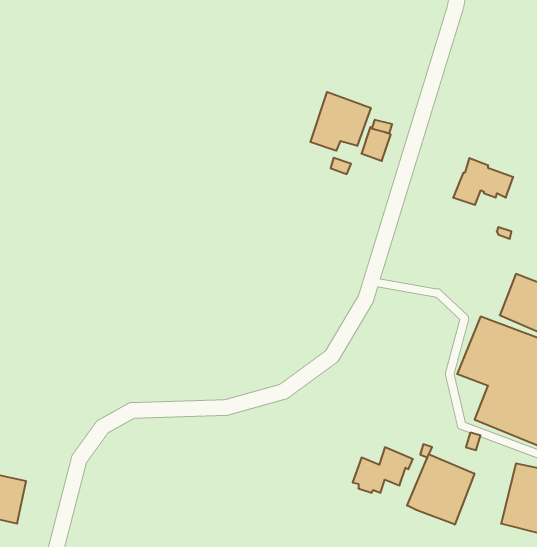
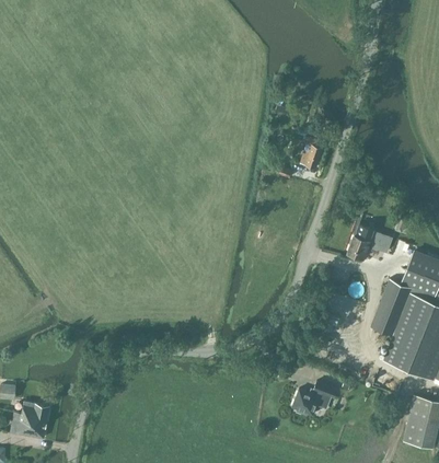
building: [310,92,371,151] -> none
building: [453,158,513,205] -> [347,224,392,259]
building: [407,454,474,525] -> none

